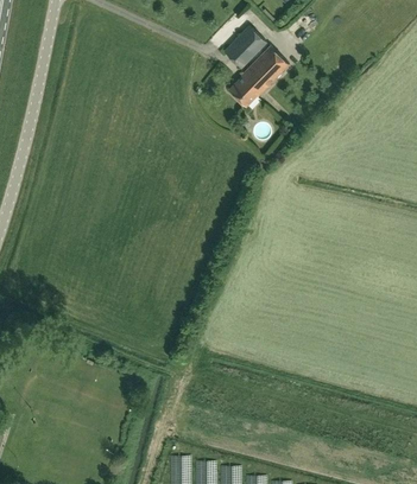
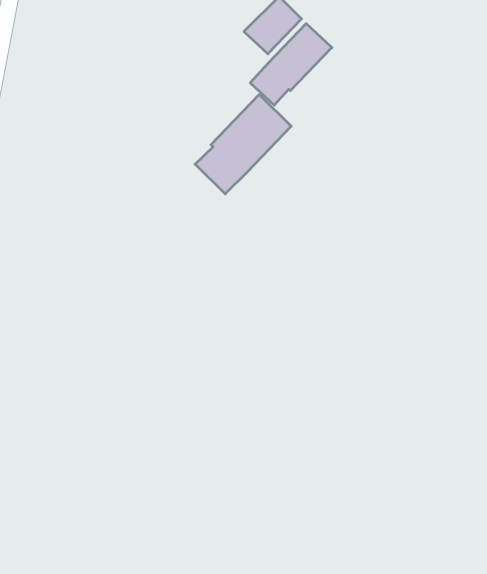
building: none -> [195,95,291,194]

